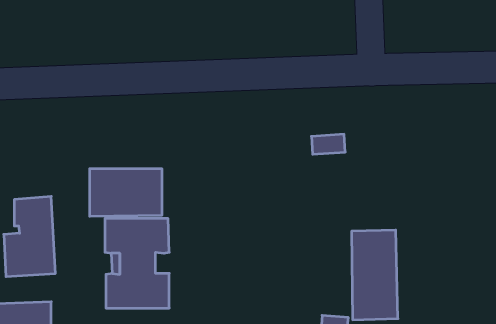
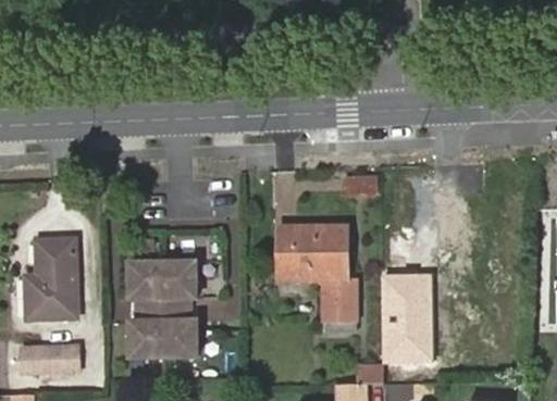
building: [90,169,162,216] -> none
building: none -> [278,227,359,330]

